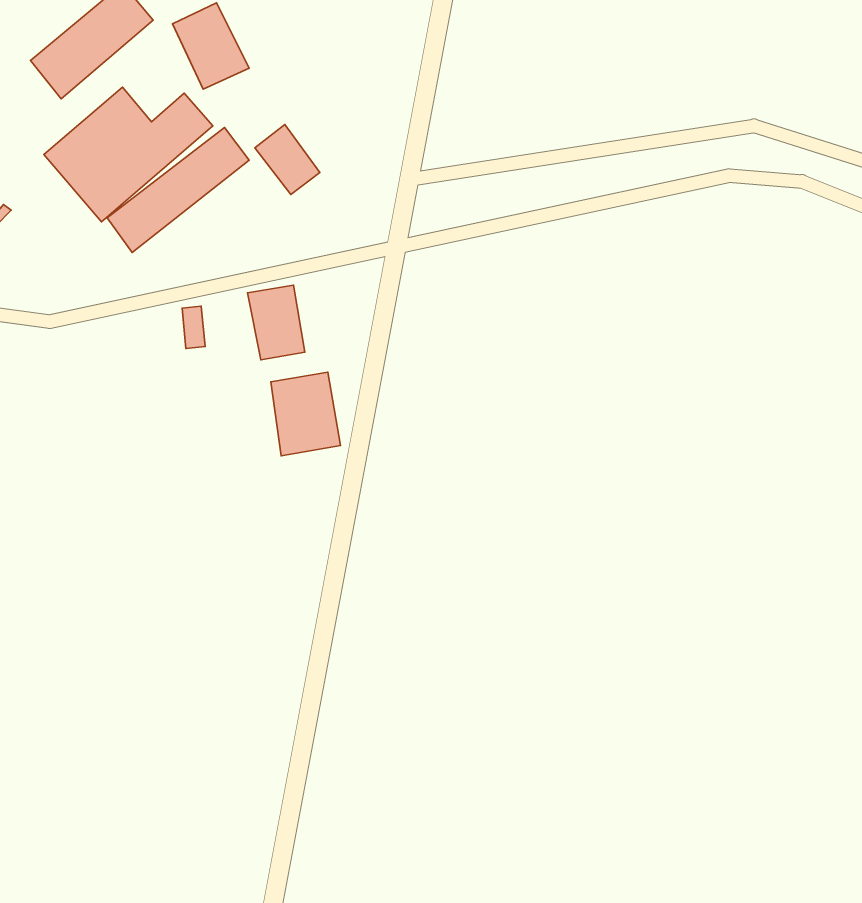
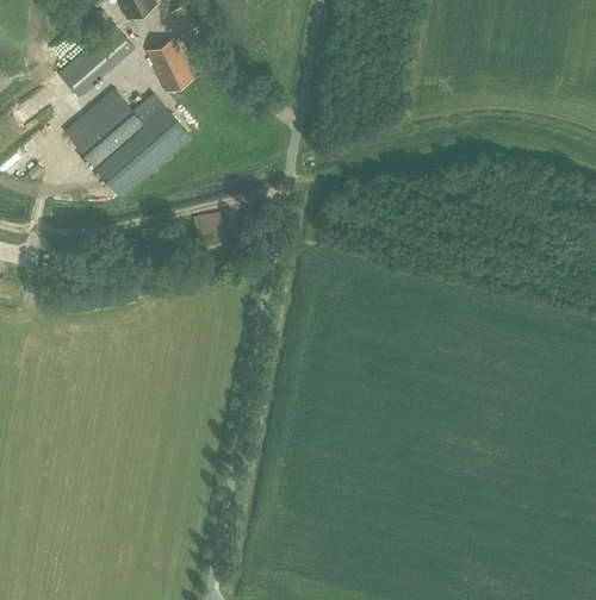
building: [255,124,320,195] -> none
building: [271,372,341,456] -> none

